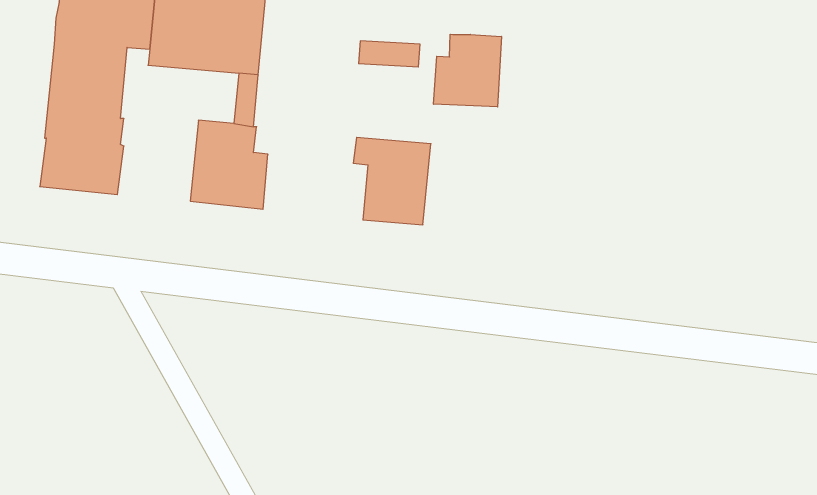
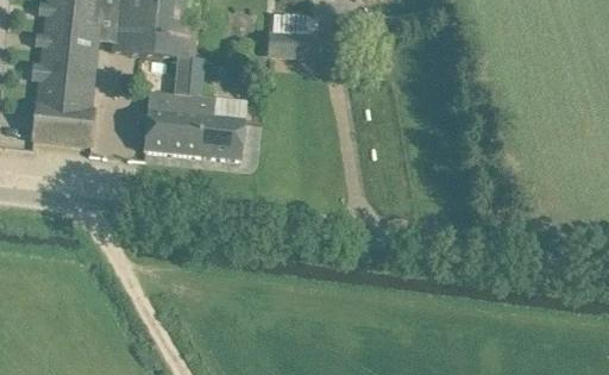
building: [434,34,501,107] -> none
building: [353,137,431,225] -> [188,95,245,160]

